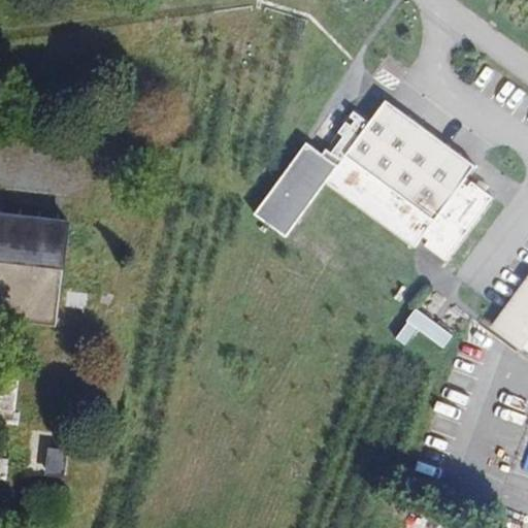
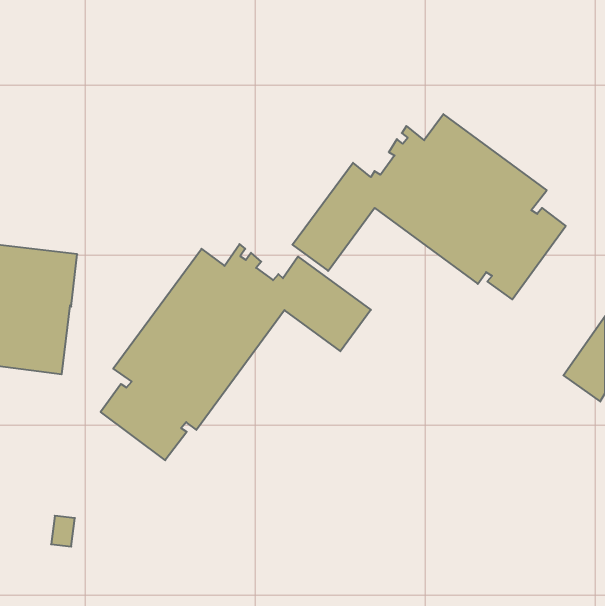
building: none -> [101,244,371,460]
building: [396,308,454,348] -> none

